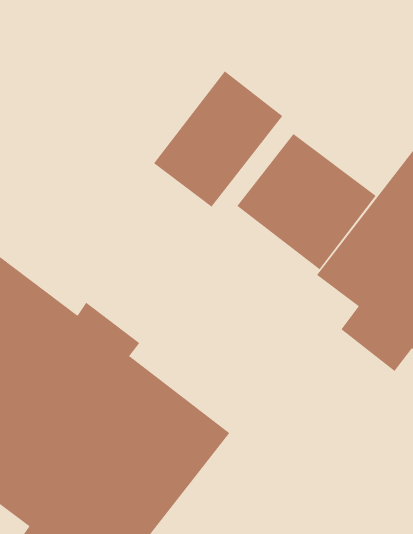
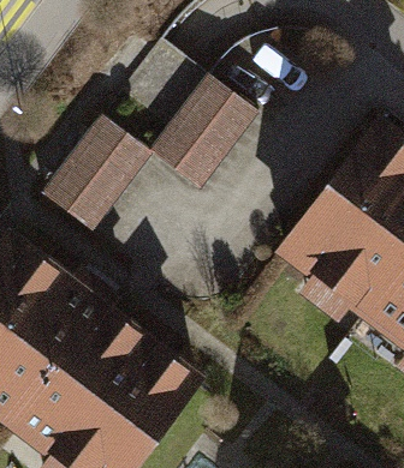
building: none -> [36,114,147,232]
building: [236,133,377,270] -> none

